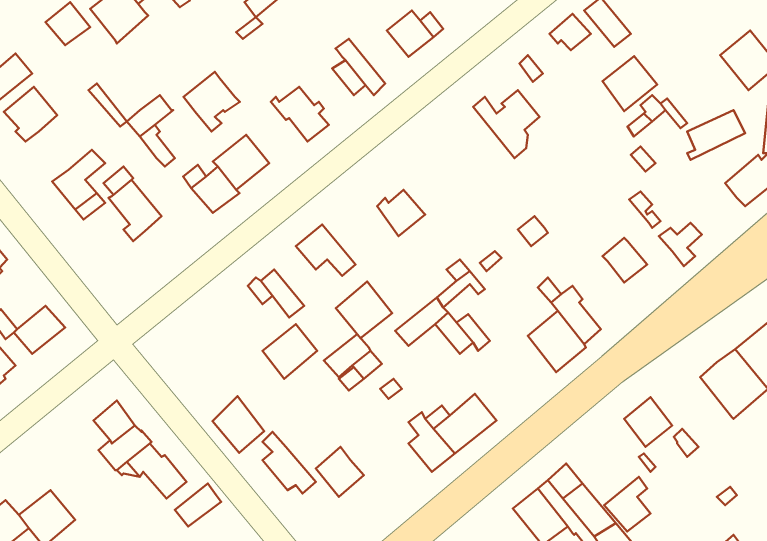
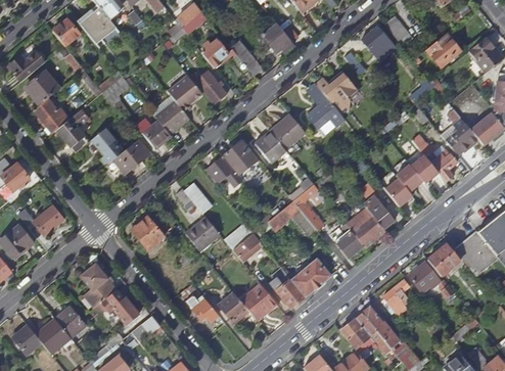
building: none -> [201,39,235,67]
building: [603,56,657,111] -> [426,34,460,67]
building: [183,72,240,132] -> [169,76,203,112]
building: none -> [306,83,343,127]
building: none -> [34,98,66,133]
building: none -> [272,113,305,148]
building: none -> [445,118,478,154]
building: none -> [113,140,149,173]
building: none -> [411,154,439,183]
building: none -> [385,178,413,206]
building: [336,282,392,338] -> [224,139,259,174]
building: none -> [337,223,364,258]
building: none -> [427,244,460,276]
building: [213,396,264,453] -> [132,215,164,249]
building: none -> [240,284,277,320]
building: none -> [55,307,86,337]
building: [604,477,650,532] -> [382,279,411,313]

